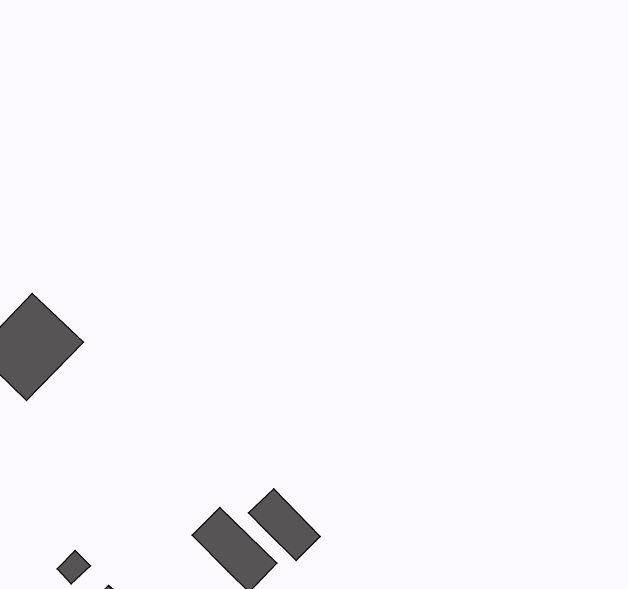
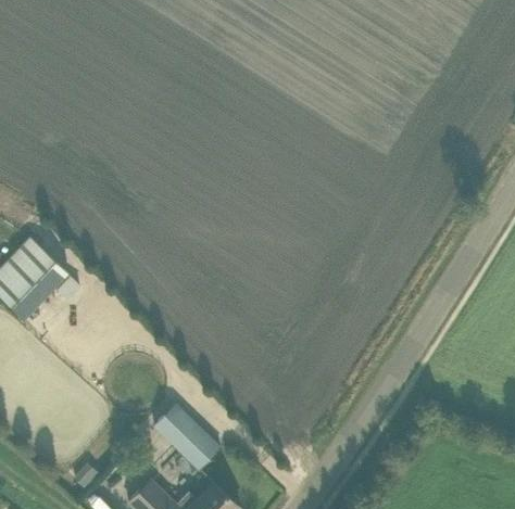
building: [248,489,320,561] -> none

